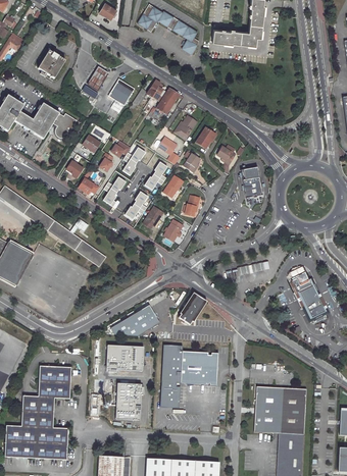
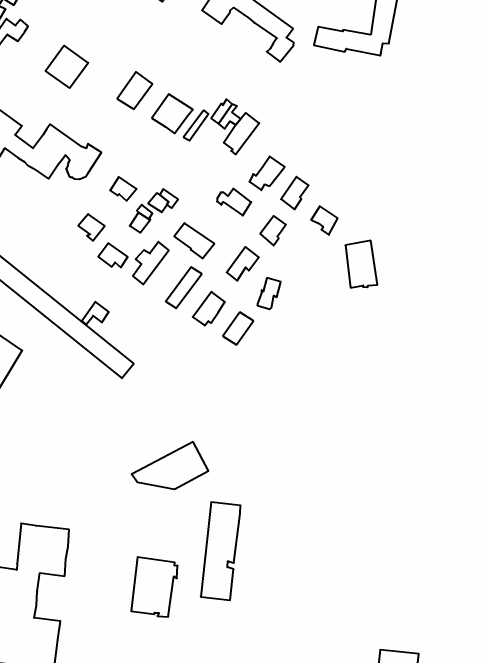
building: [297,274,328,323] -> none
building: [179,293,206,324] -> none
building: [106,345,143,371] -> none
building: [180,350,217,383] -> none
building: [254,385,306,434] -> none

